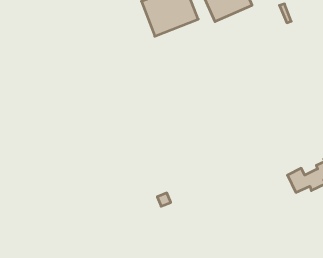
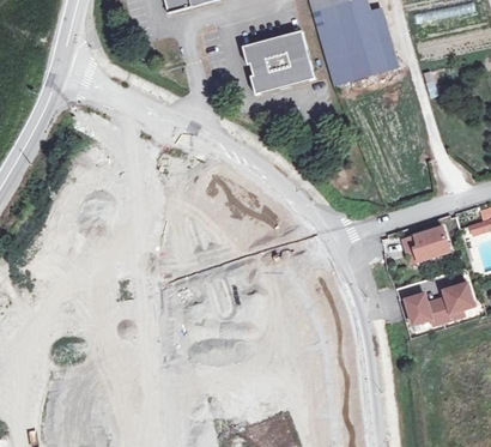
building: none -> [401,224,449,259]

